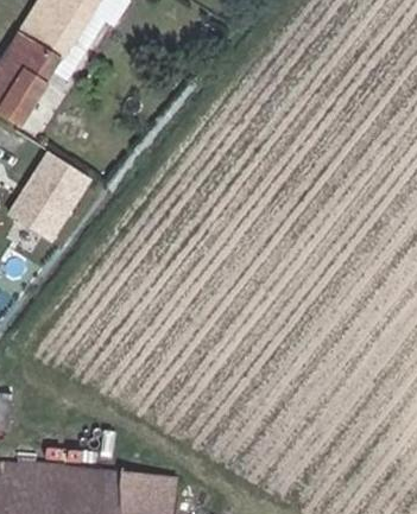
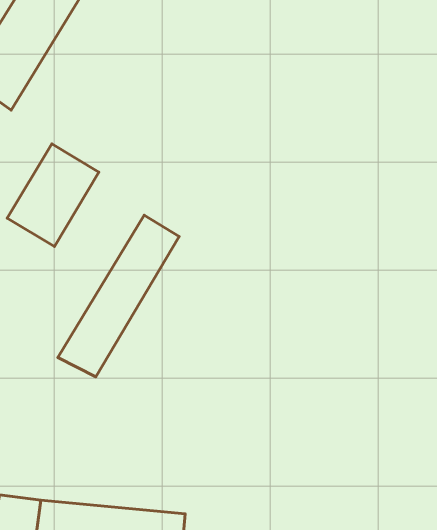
building: none -> [58,215,179,377]

